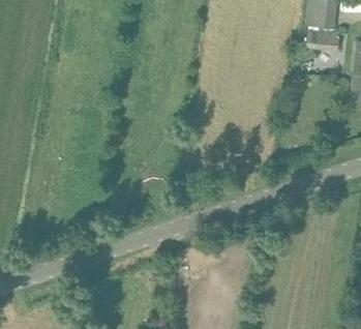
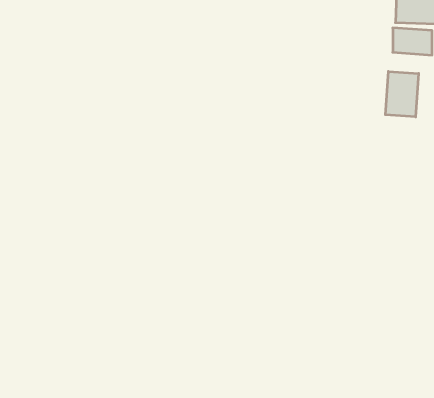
building: none -> [385,71,419,117]

